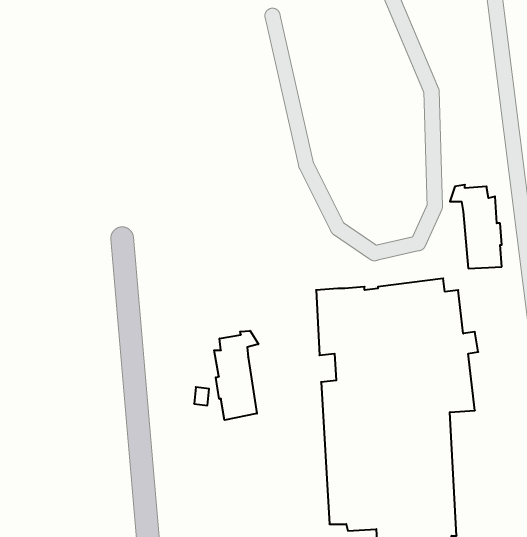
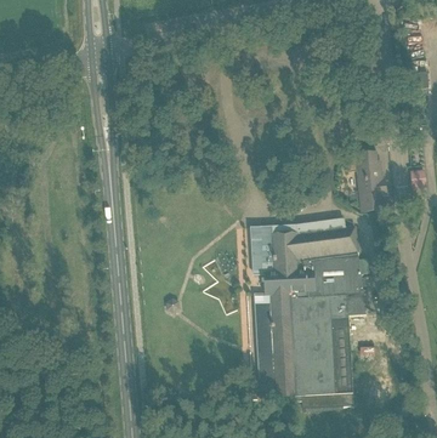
building: [214,331,258,420] -> none

